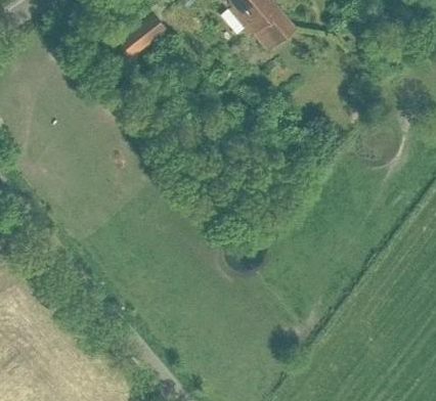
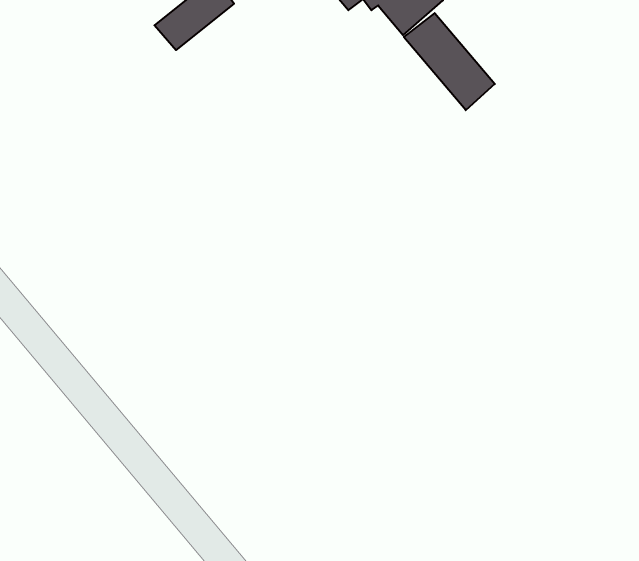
building: none -> [404,13,495,110]

